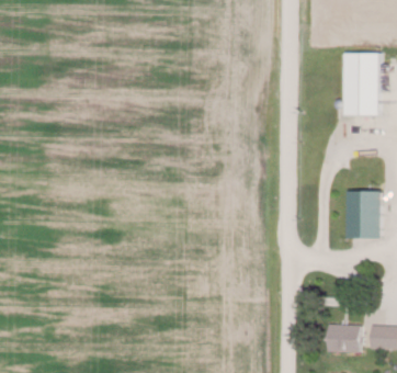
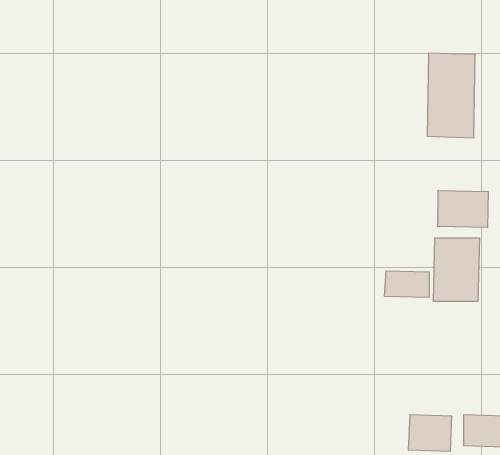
building: none -> [438,190,488,228]
building: none -> [384,271,429,297]

